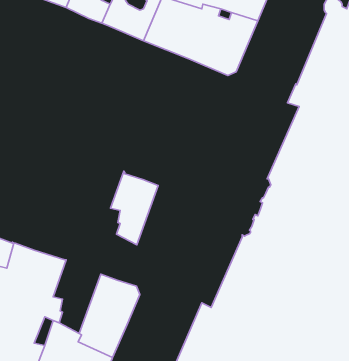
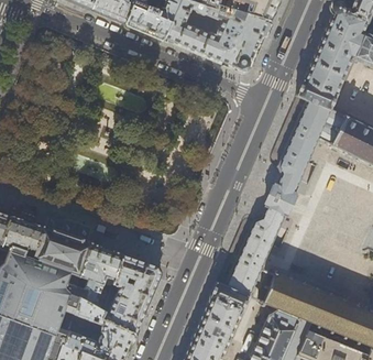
building: [111,171,158,245] -> [80,242,124,310]

